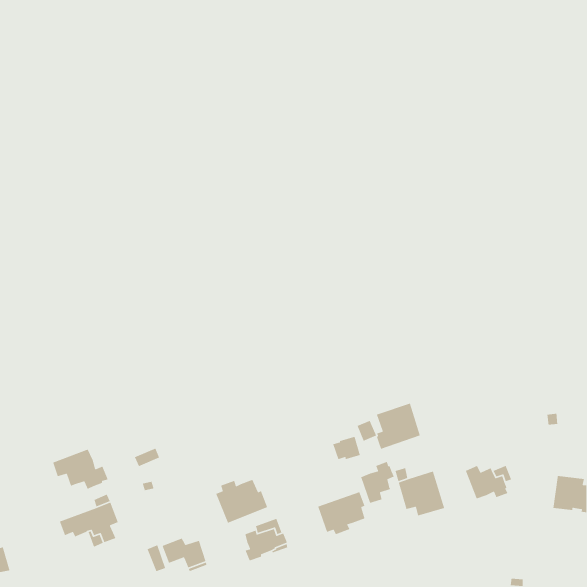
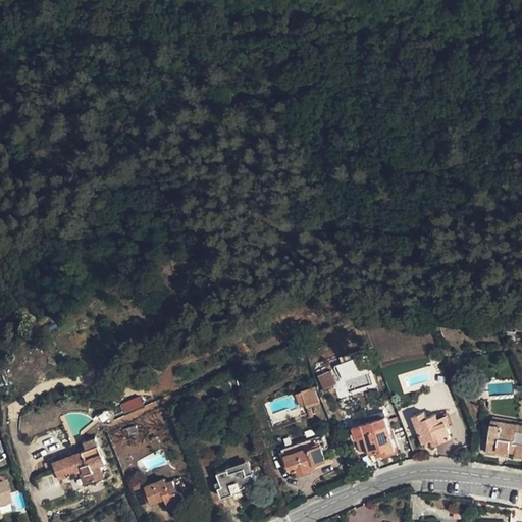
building: [52,448,109,490] -> none
building: [360,461,395,504] -> none
building: [215,479,268,524] -> none

